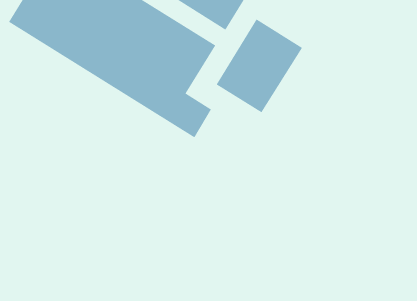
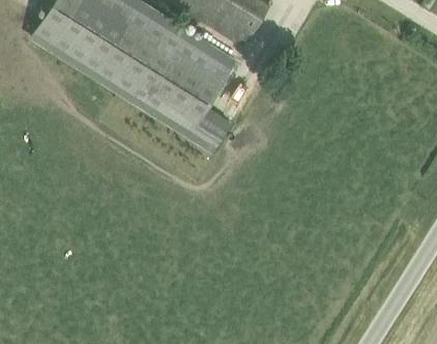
building: [216,18,303,113] -> none

